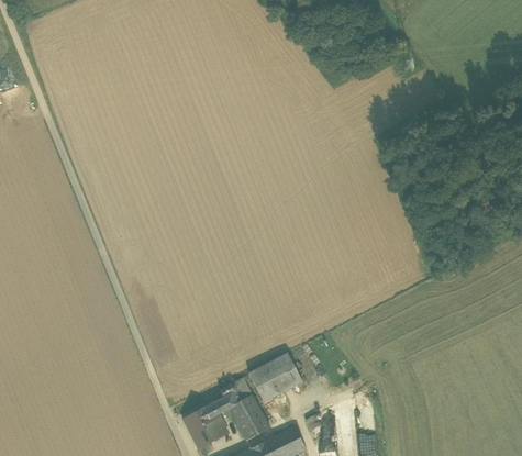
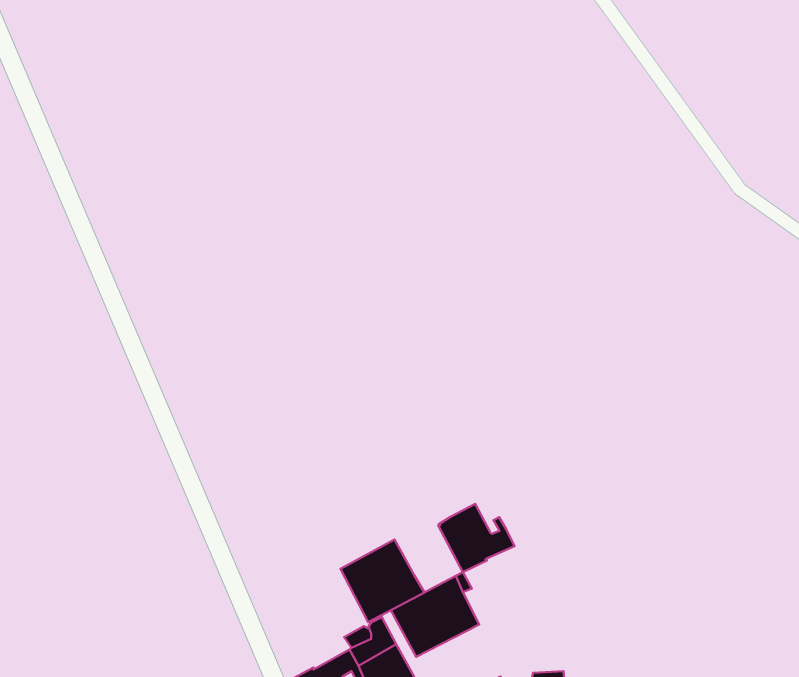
building: none -> [438,504,514,572]
building: none -> [341,540,424,622]

